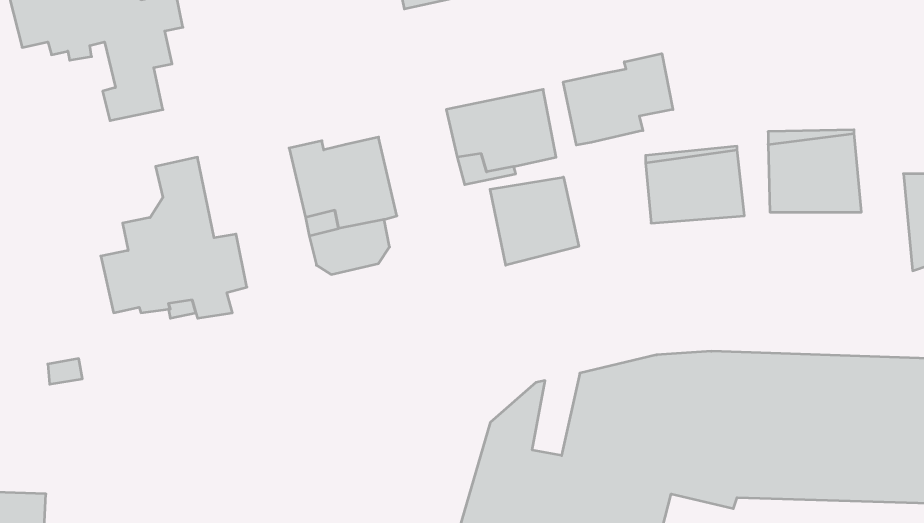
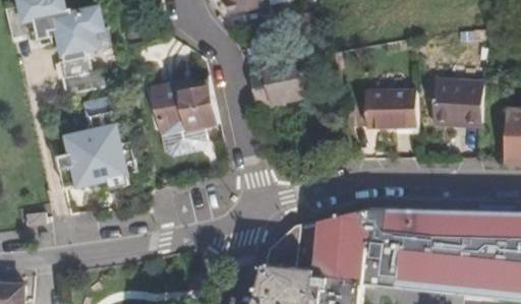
building: [563,54,673,145] -> none
building: [490,177,579,265] -> none

